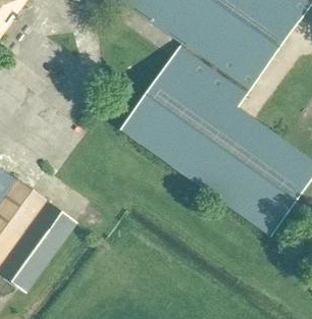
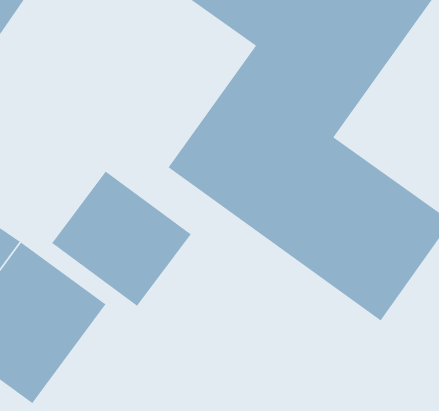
building: none -> [51,170,192,307]

